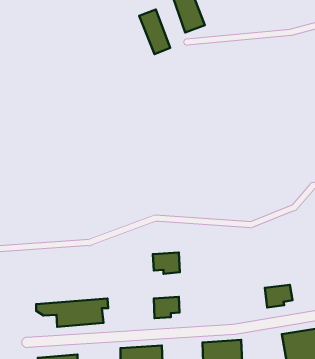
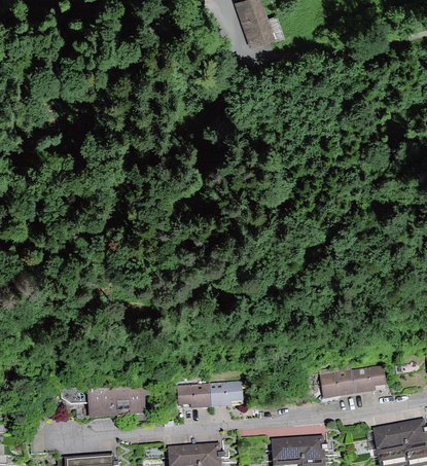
building: [139,10,170,54] -> none
building: [153,253,180,274] -> [177,383,211,409]
building: none -> [319,364,354,398]

